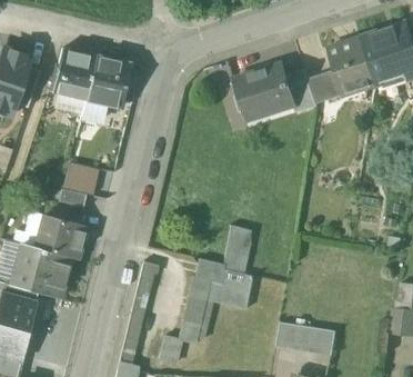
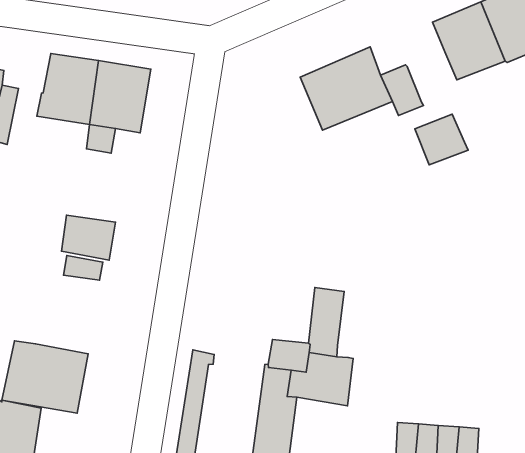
building: [308,71,343,105] -> [415,114,468,165]
building: [36,215,85,260] -> none

